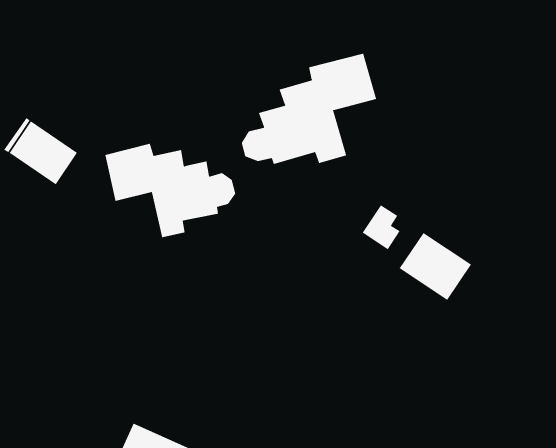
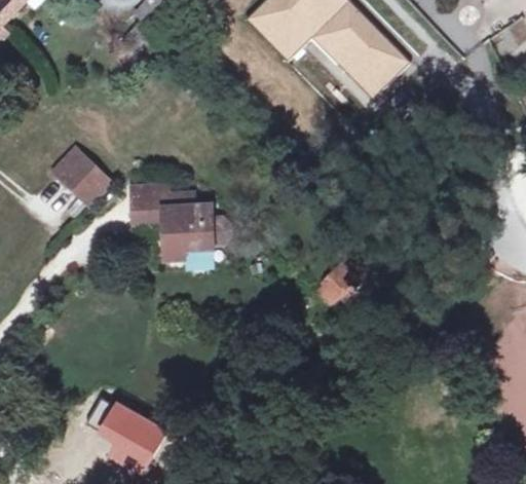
building: [241,53,377,165] -> none
building: [399,232,472,301] -> none

